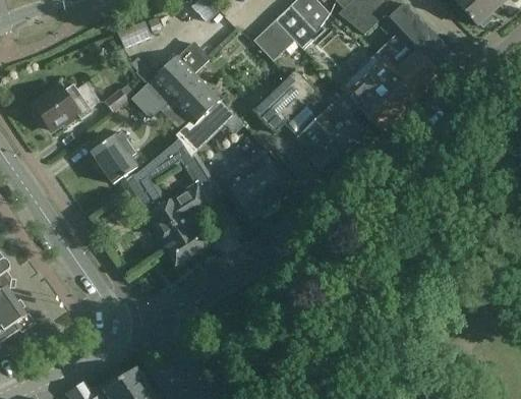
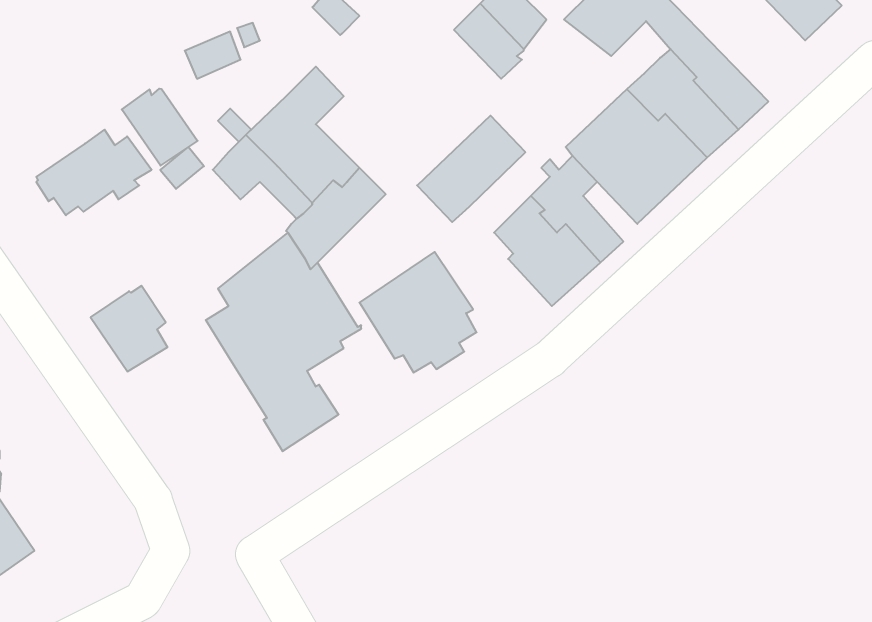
building: [251,19,301,60] -> none
building: none -> [122,89,198,166]
building: [91,130,135,180] -> [91,286,168,371]

